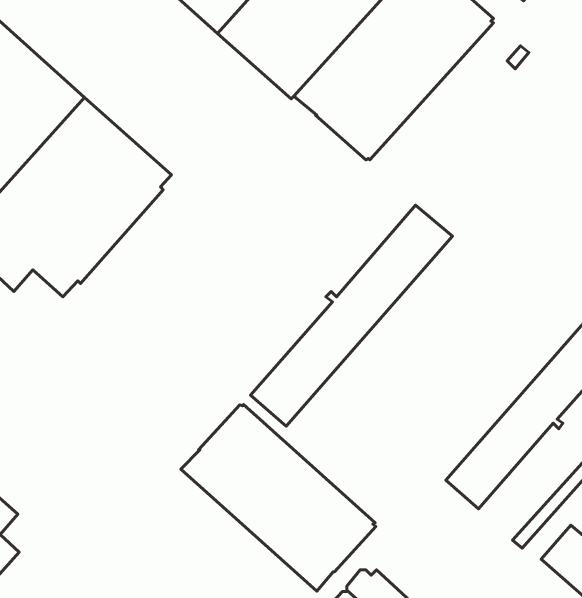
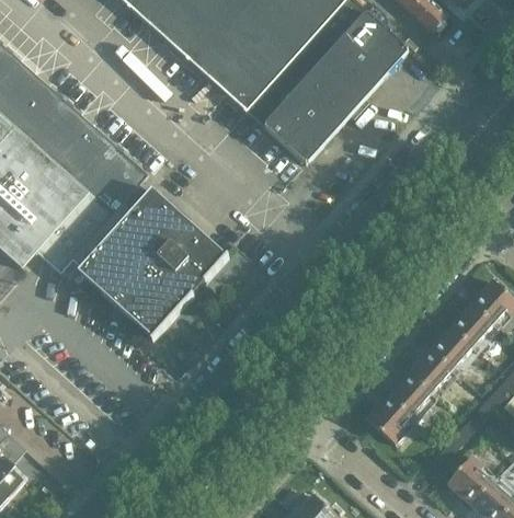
building: none -> [73,184,225,335]
building: [251,205,452,426] -> none
building: [181,404,376,591] -> none

